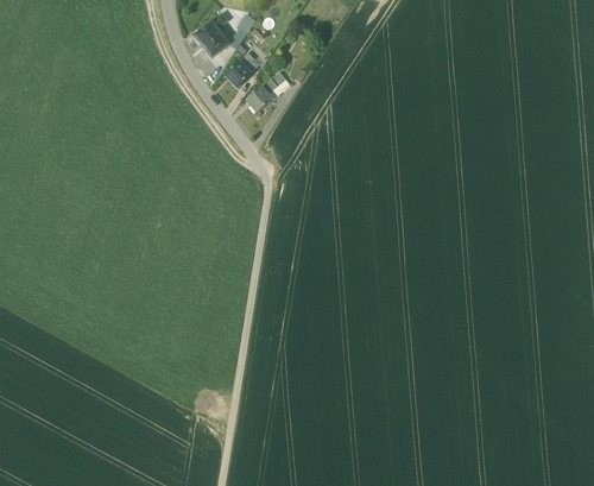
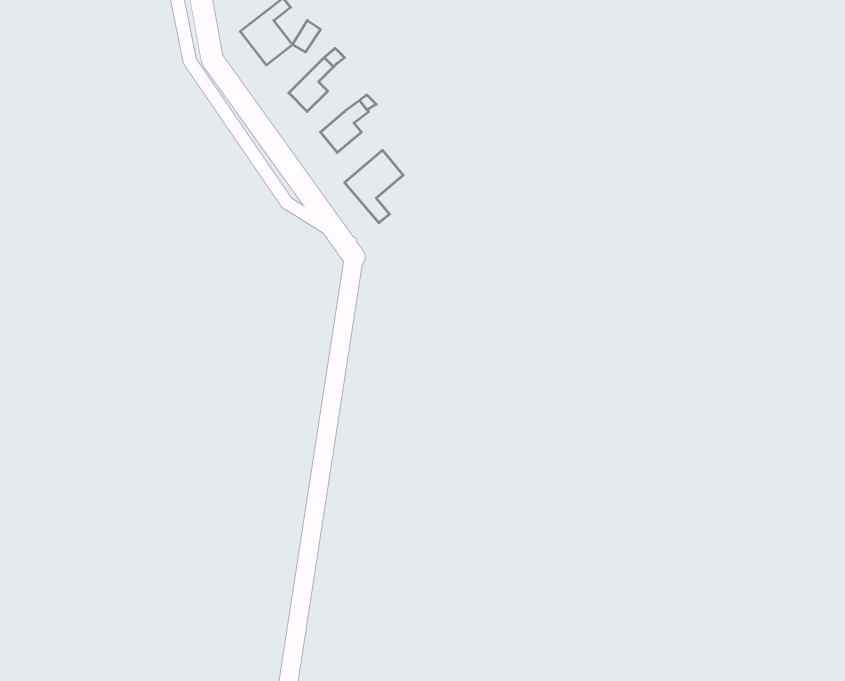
building: none -> [345,150,403,223]

